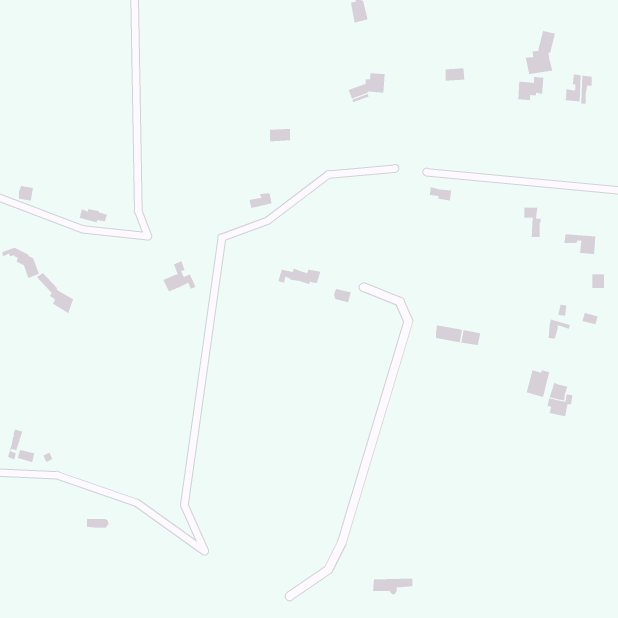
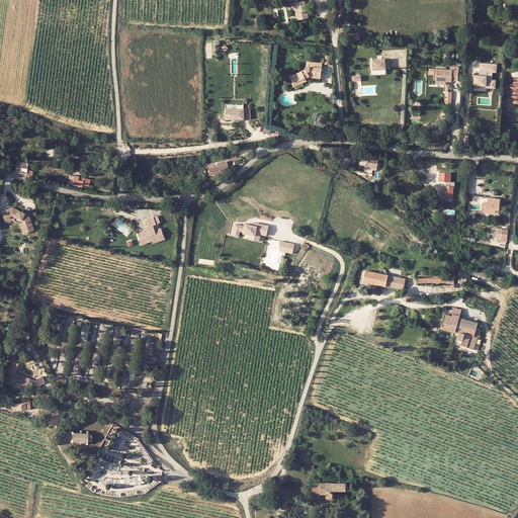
building: [525,30,556,75] -> none
building: [36,272,74,314] -> none

